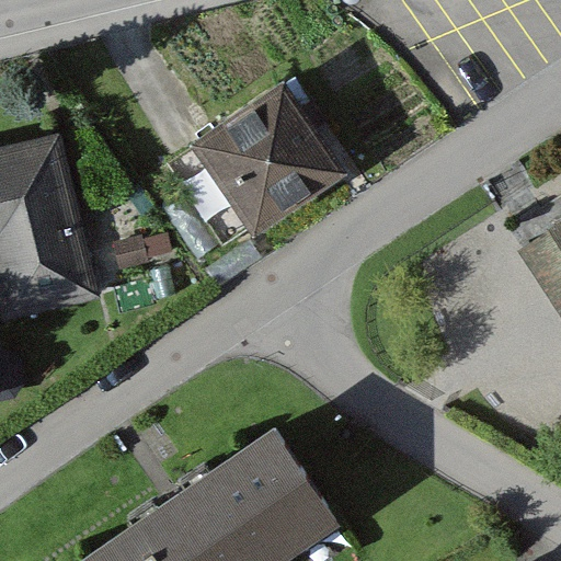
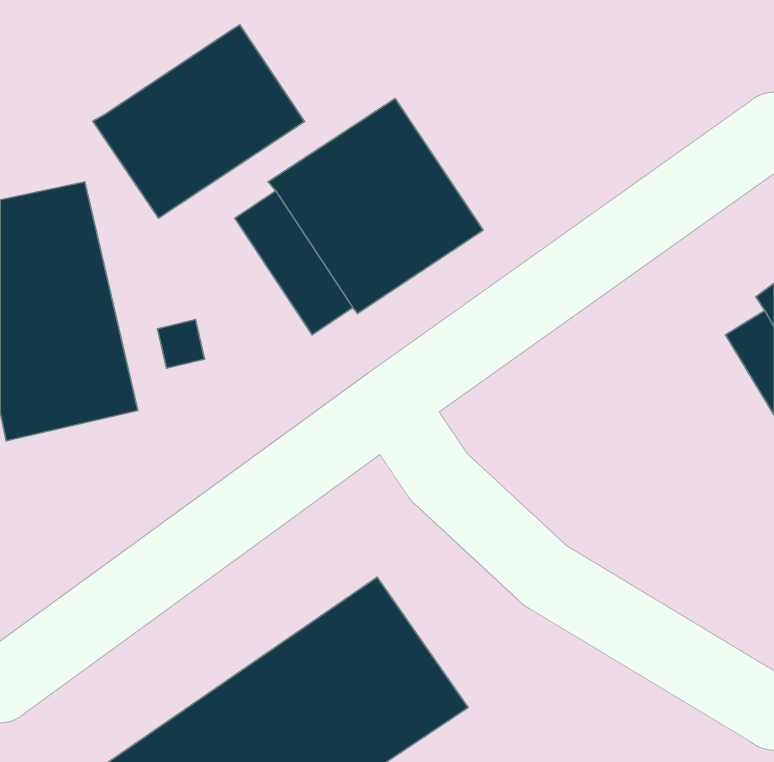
building: none -> [93,25,304,218]

